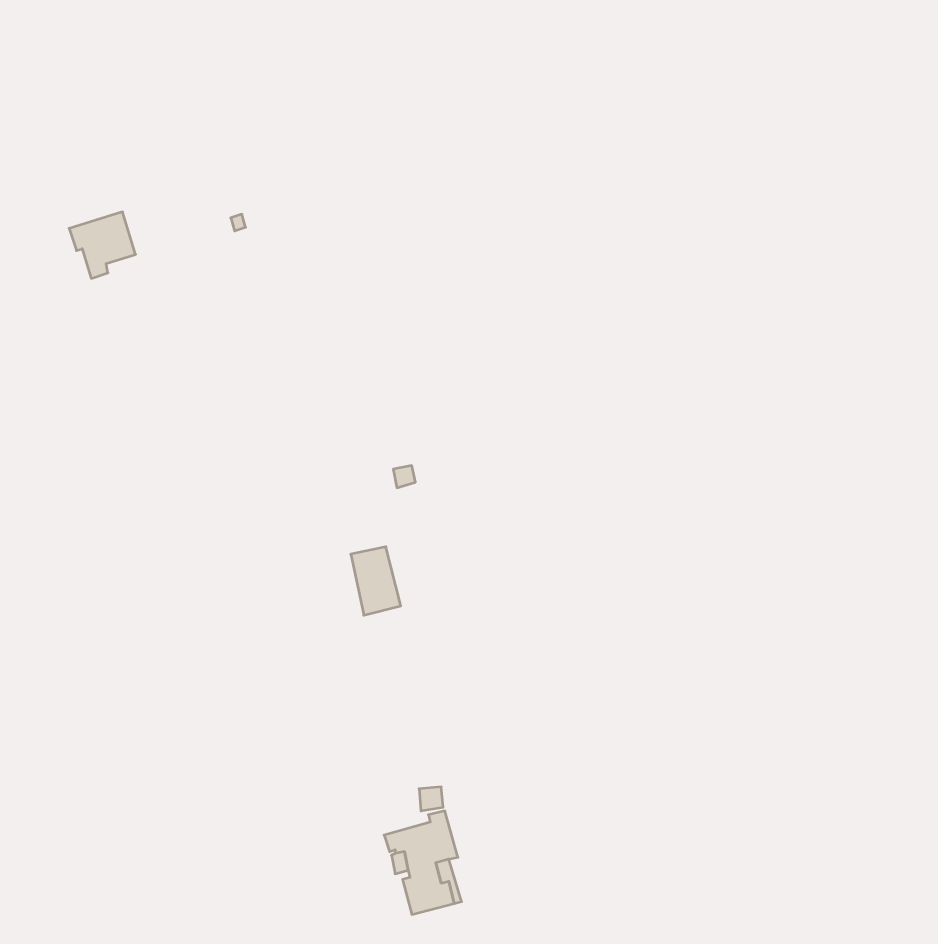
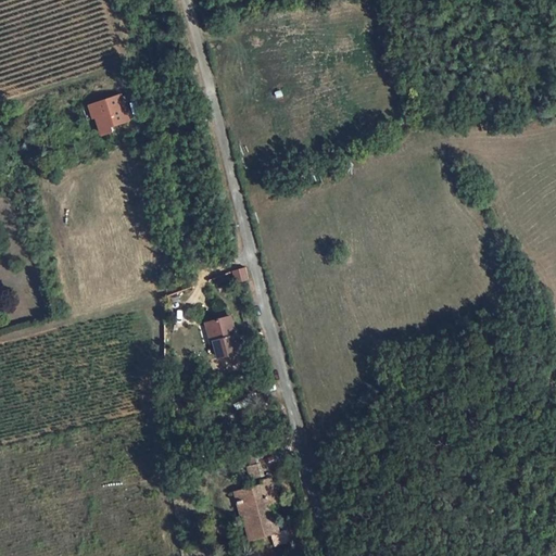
building: [69,212,136,278] -> [87,94,126,134]

